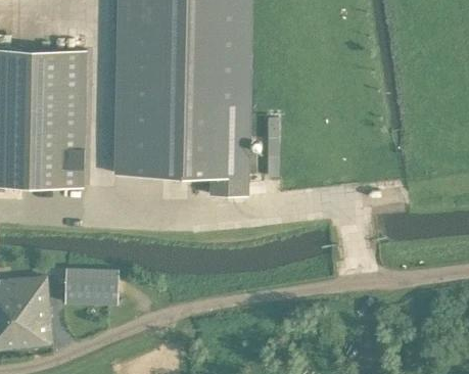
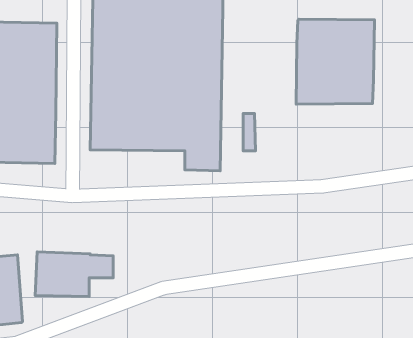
building: none -> [296,19,374,104]

